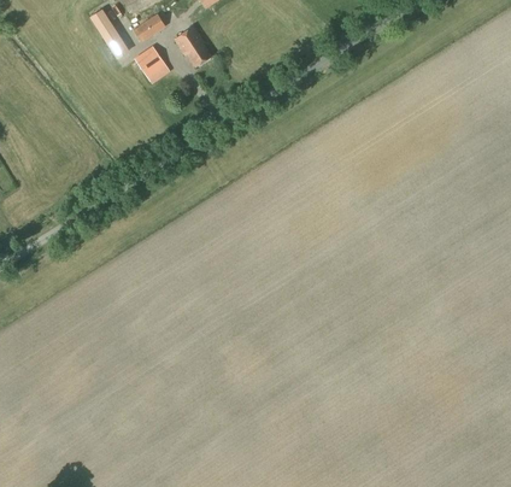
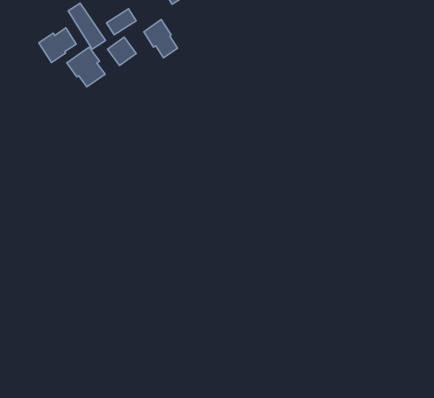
building: none -> [39,28,76,63]
building: none -> [67,47,105,87]

